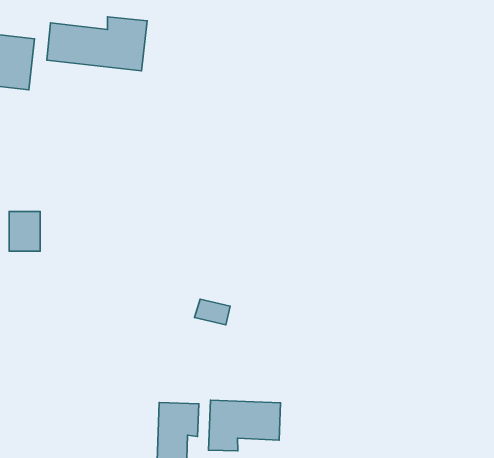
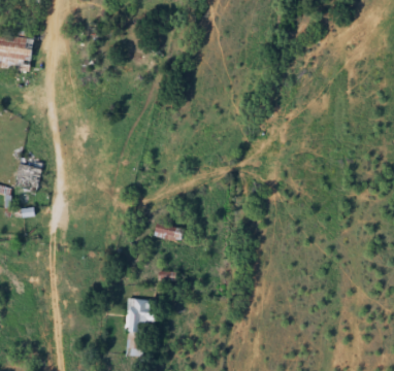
building: [47,17,147,71] -> none
building: [209,400,280,451] -> none

